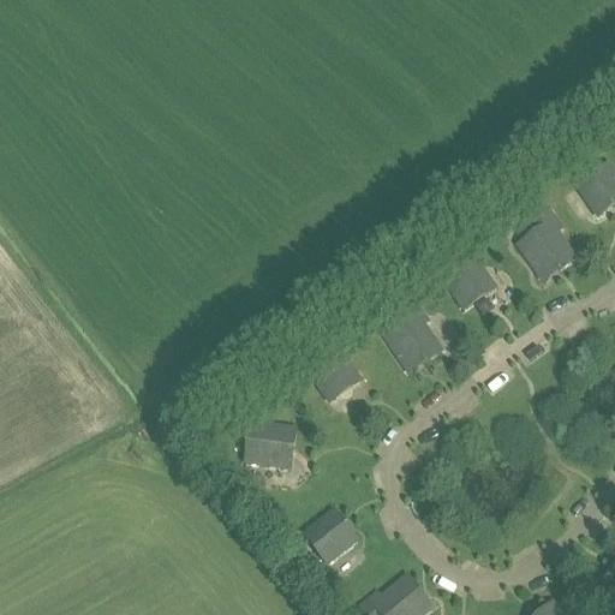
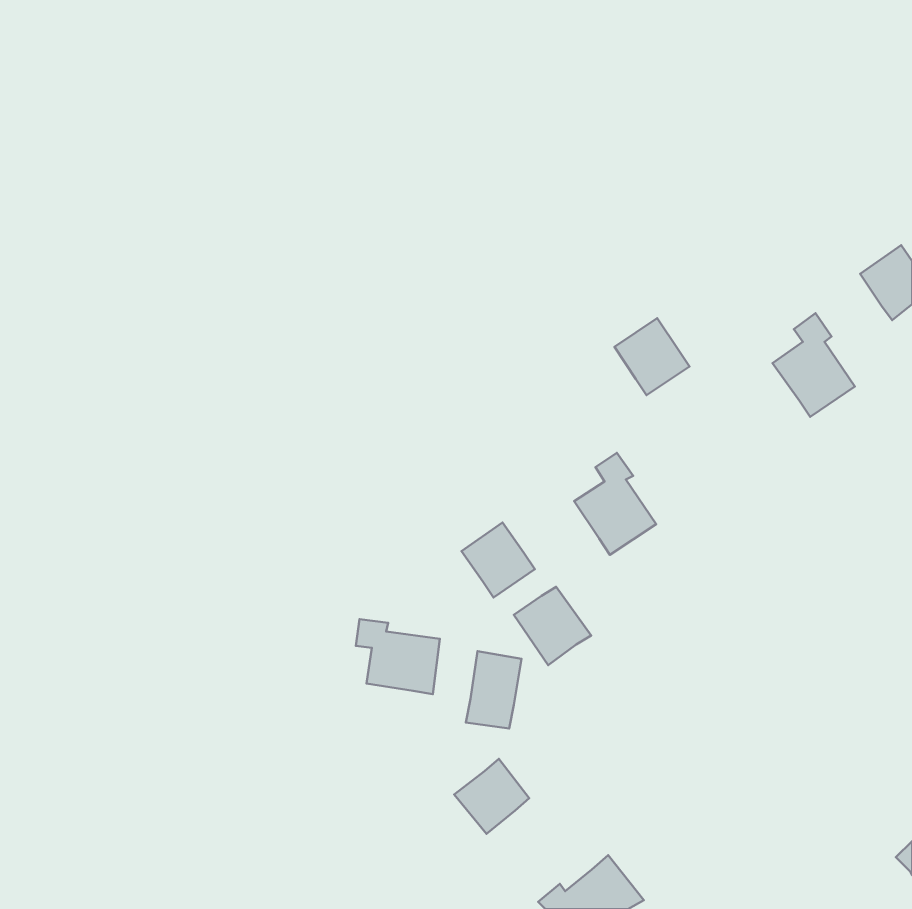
building: [443,257,494,309] -> [614,318,689,395]
building: none -> [514,587,591,665]
building: none -> [466,651,521,728]

